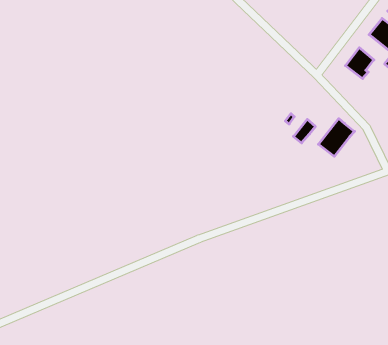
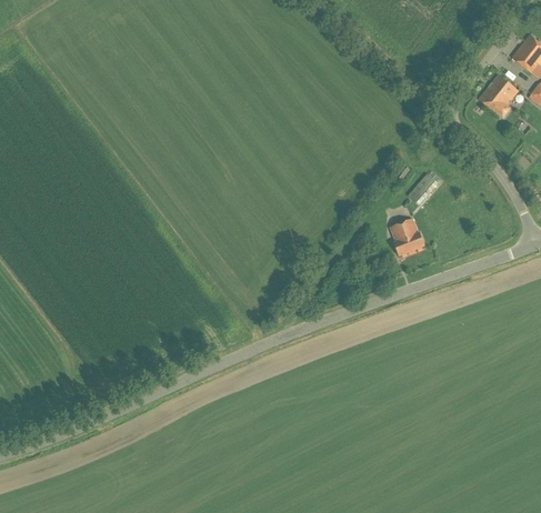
building: [318,119,355,156] -> none
building: none -> [388,218,423,255]

